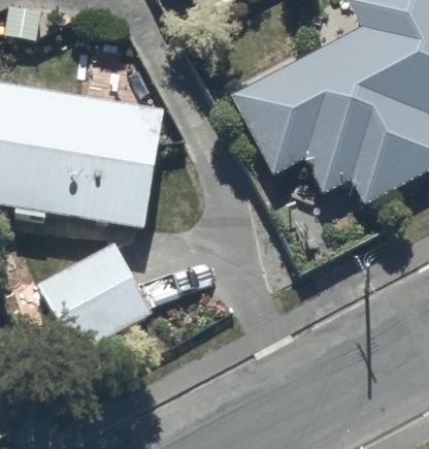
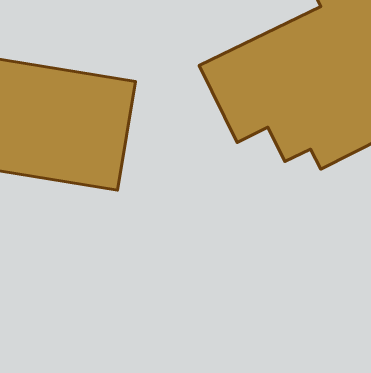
building: [37,239,153,352] -> none

